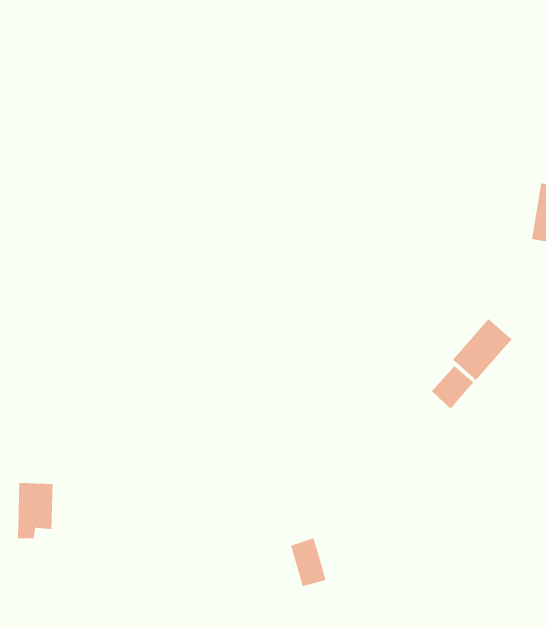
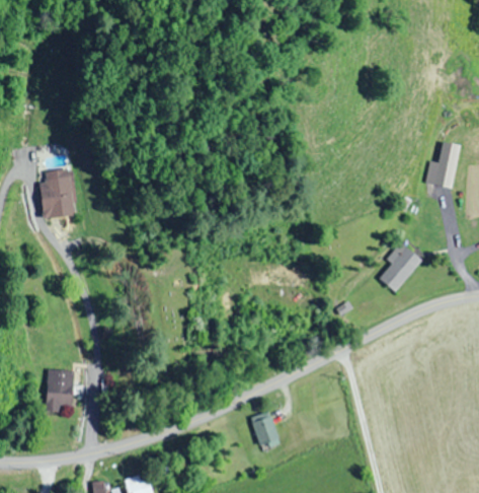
building: none -> [37,168,76,219]
building: [431,365,474,409] -> none

